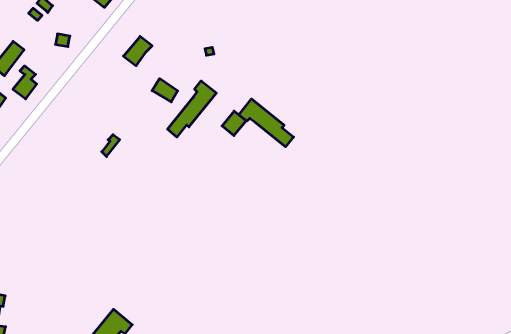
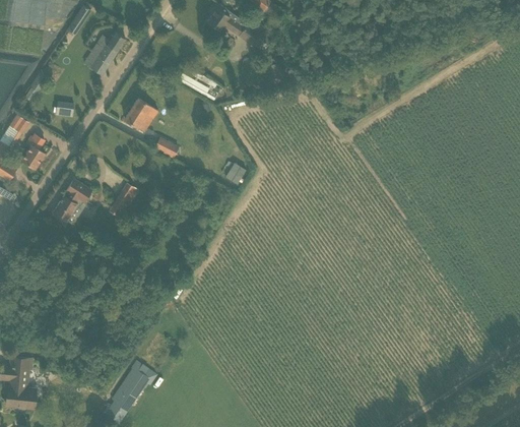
building: [168,81,216,137] -> none
building: [239,99,294,147] -> none
building: none -> [53,180,90,221]

